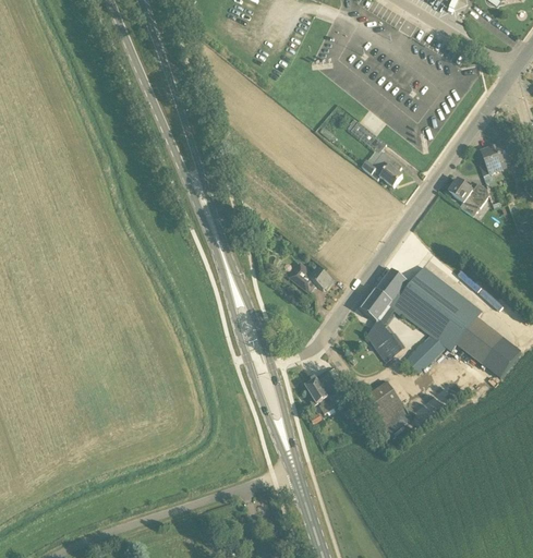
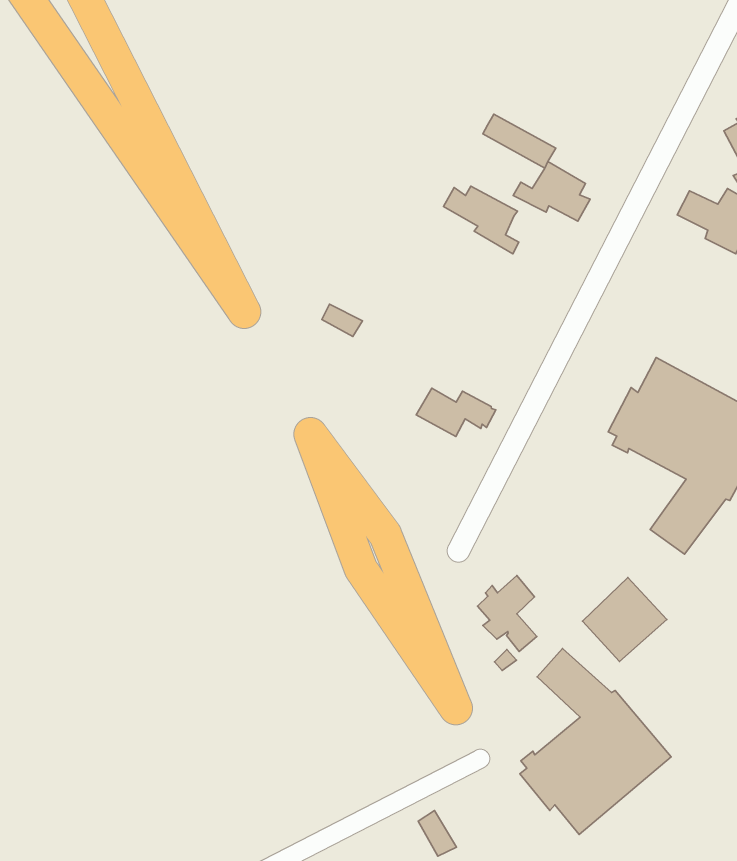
building: none -> [444,186,519,254]
building: [360,268,407,361] -> none
building: none -> [520,649,671,834]

